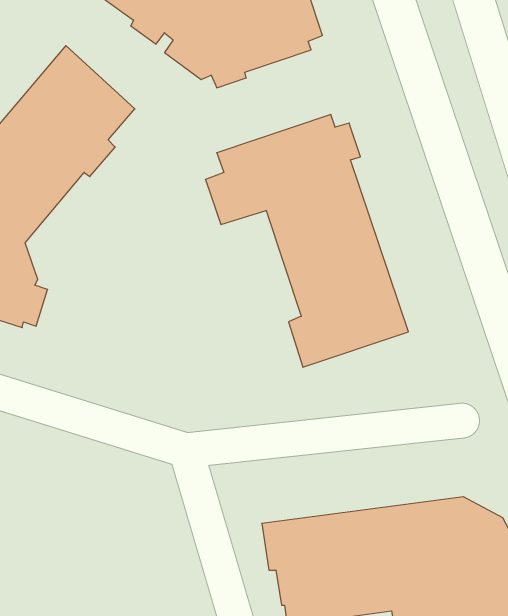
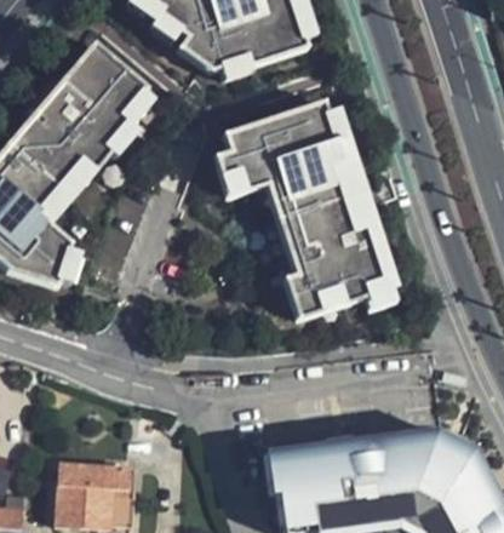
building: none -> [56,462,139,527]

